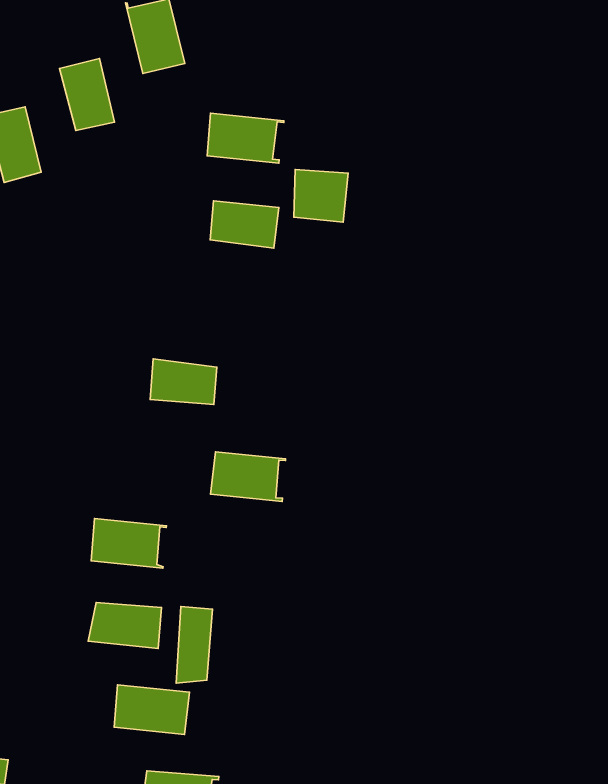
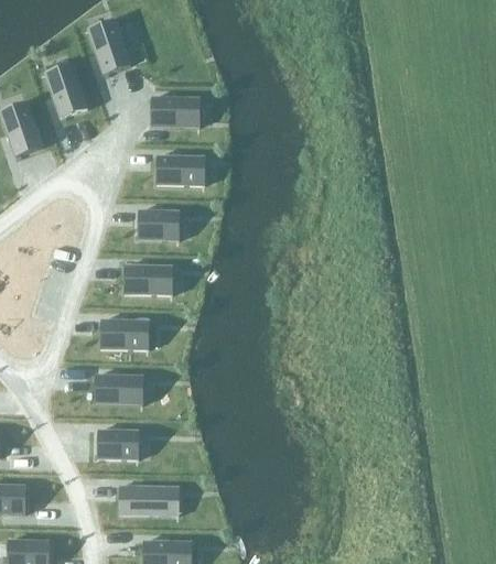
building: [294,170,348,222] -> none
building: none -> [139,210,183,238]
building: [210,452,286,501] -> [100,319,149,349]
building: [176,607,212,683] -> none

